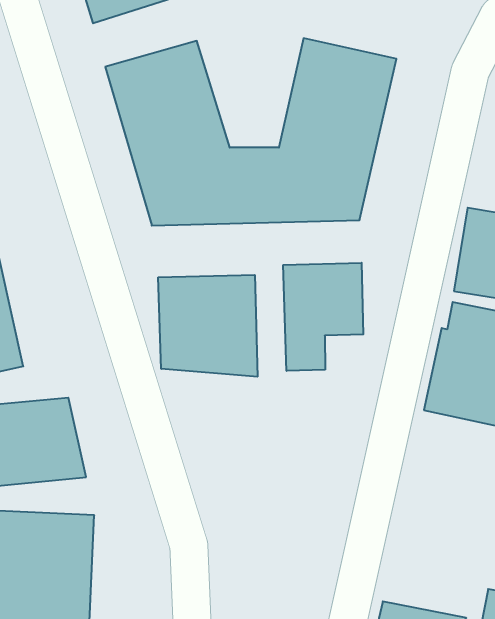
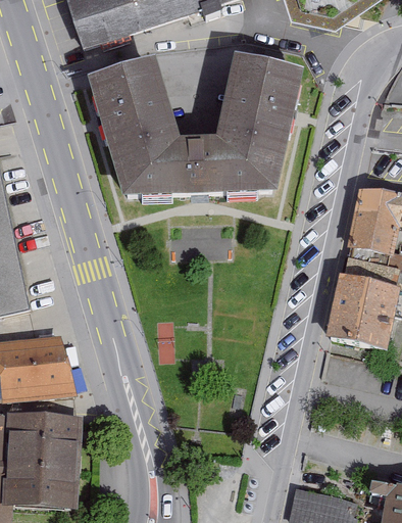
building: [283,263,363,371] -> none
building: [158,275,257,377] -> none

